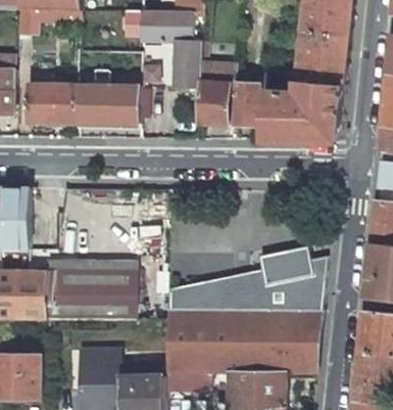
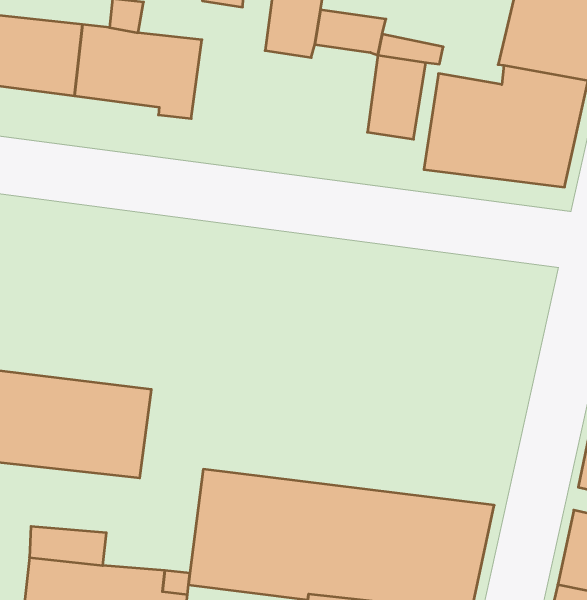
building: [197,81,229,125] -> none
building: [165,245,326,312] -> none

